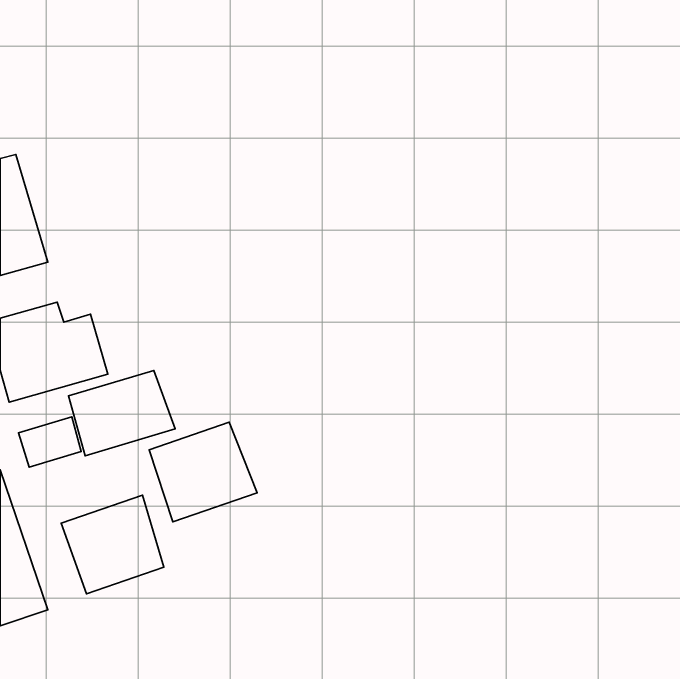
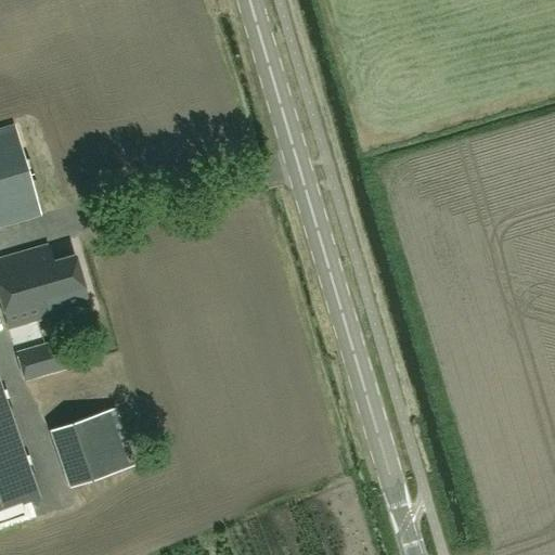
building: [68,370,175,456] -> none
building: [149,422,257,522] -> none

